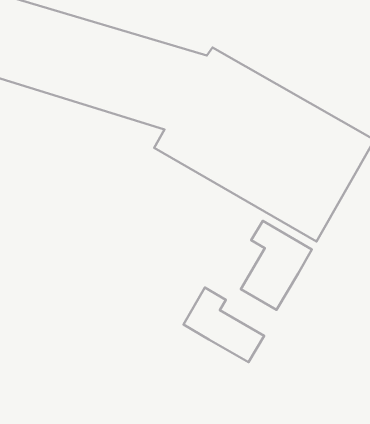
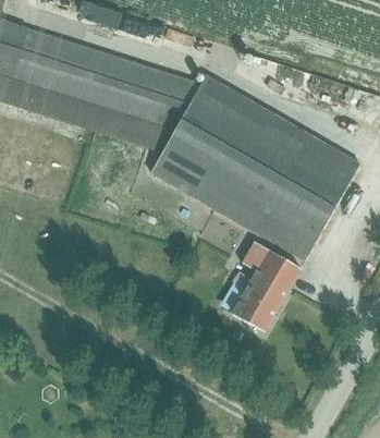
building: [183,288,264,362] -> none

